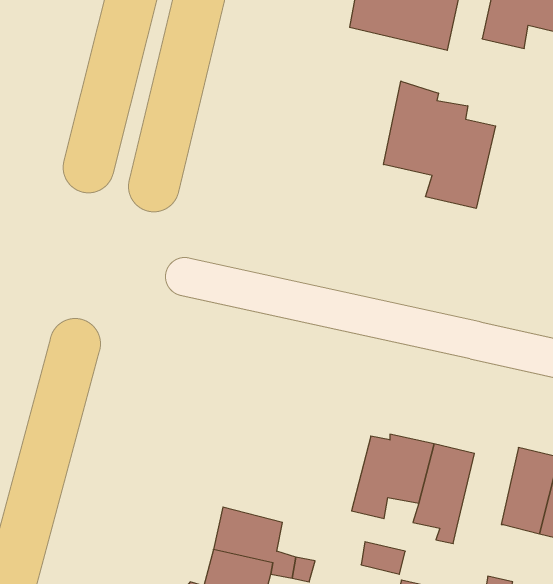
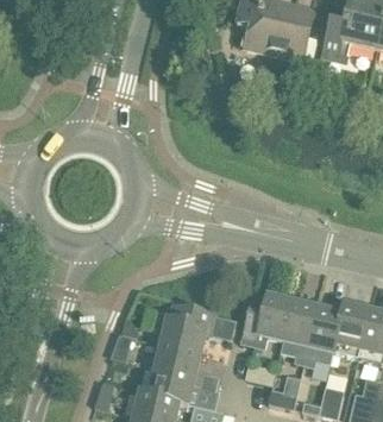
building: [384,81,496,208] -> none
building: none -> [162,304,237,352]
building: none -> [304,306,345,367]

